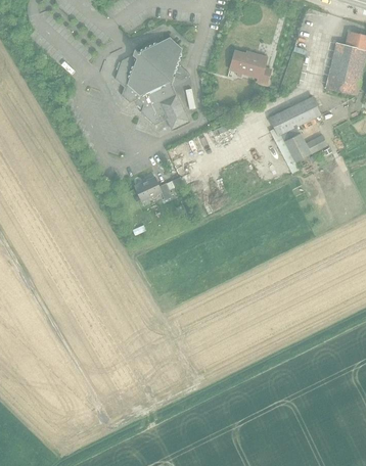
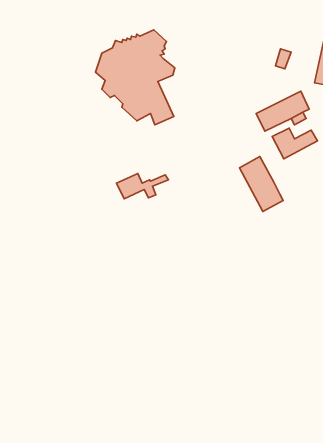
building: [230,50,271,84] -> none
building: none -> [240,156,283,212]

